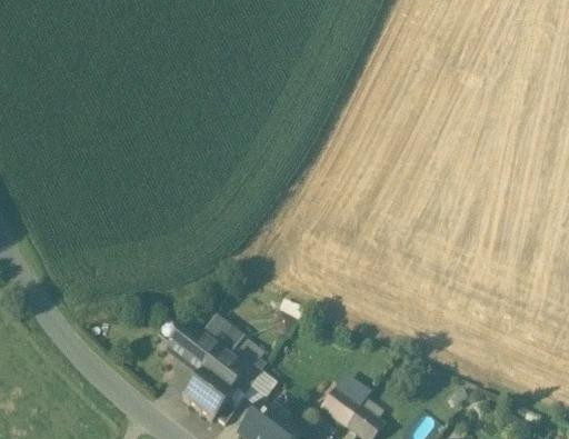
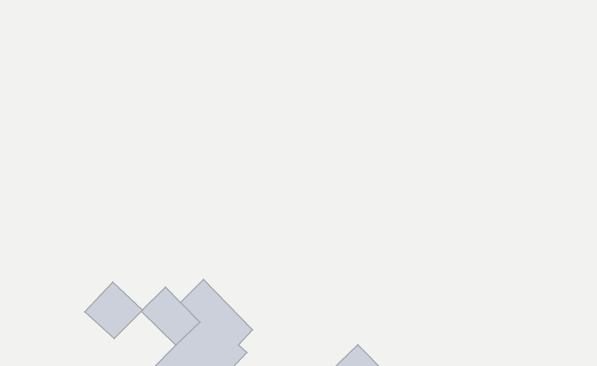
building: none -> [85,282,142,338]

